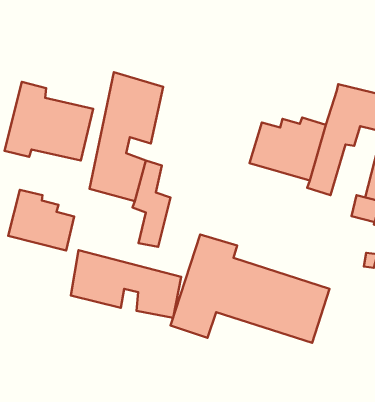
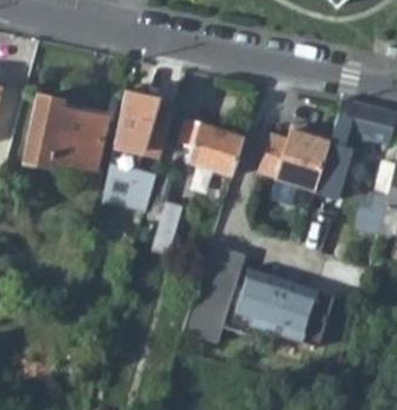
building: none -> [177,121,242,176]
building: [8,190,74,250] -> none
building: [71,250,181,318] -> none

